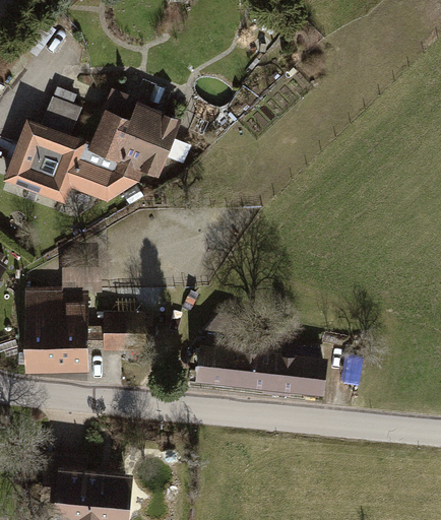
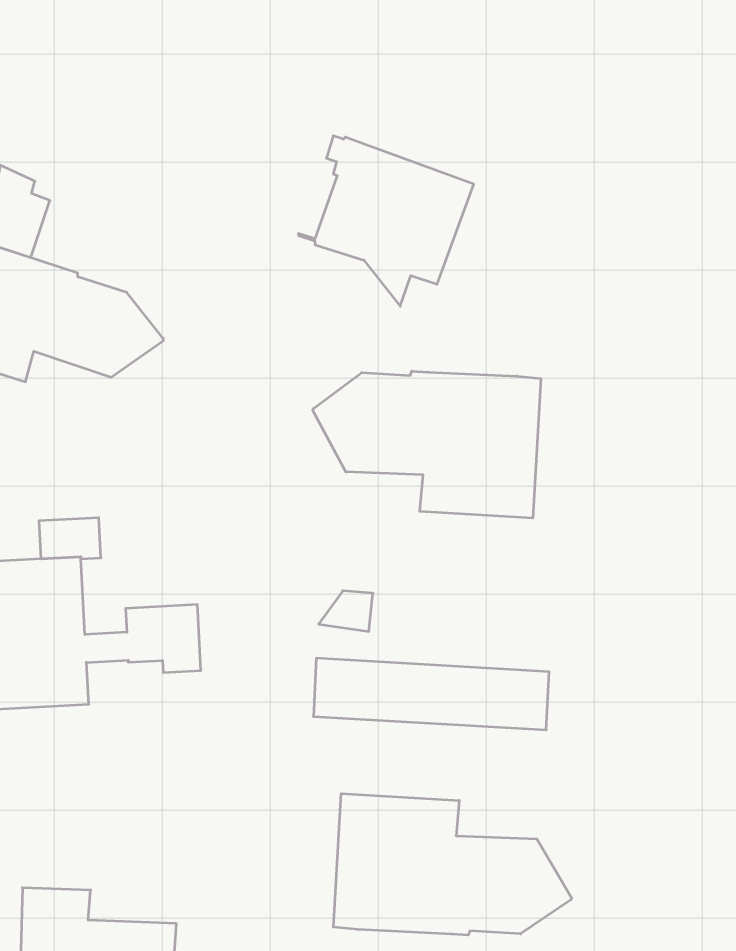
building: [83,96,174,185] -> [298,136,474,306]
building: none -> [313,371,541,518]
building: none -> [333,794,572,935]

